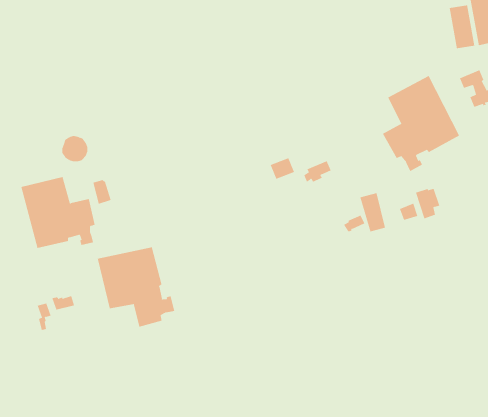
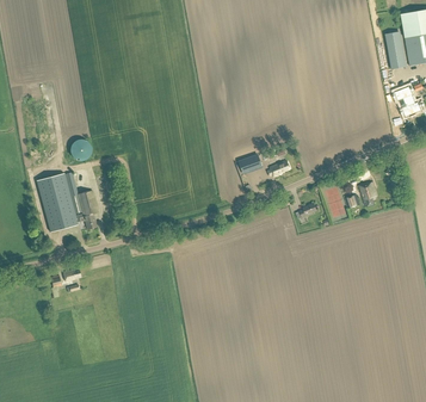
building: [382,75,460,172] -> none
building: [97,247,175,327] -> none

